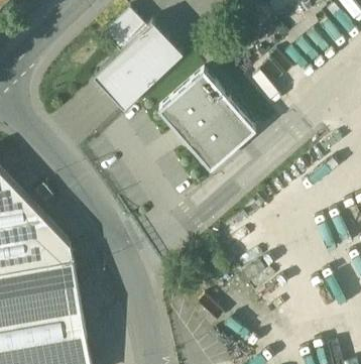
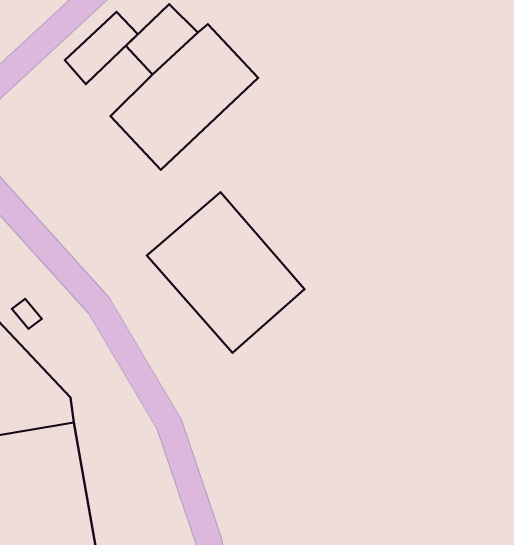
building: none -> [65,12,138,84]
building: [159,73,254,169] -> [147,192,304,353]

